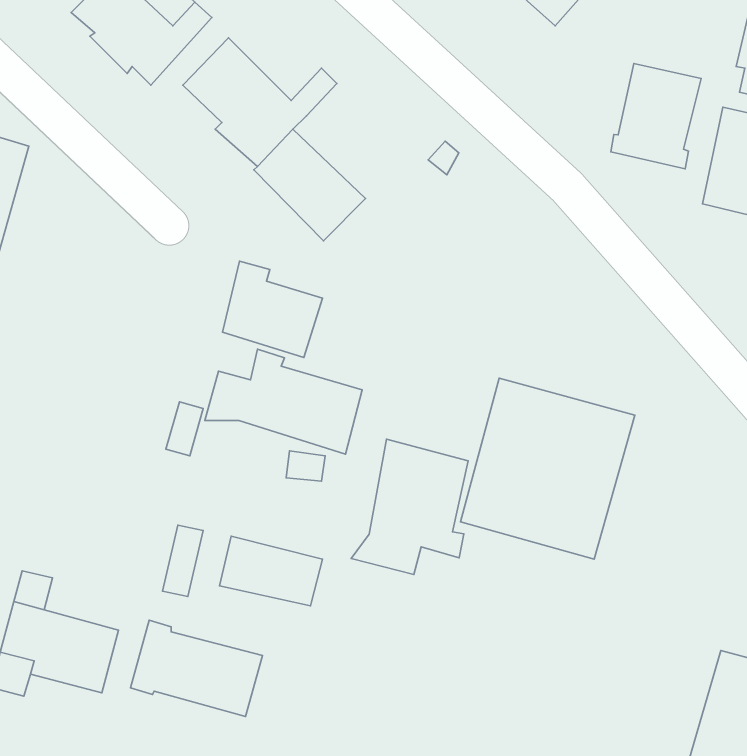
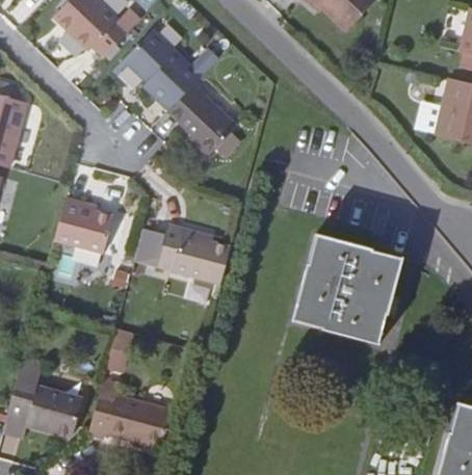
building: [611,64,701,169] -> none
building: [223,261,322,357] -> [55,193,116,253]
building: [351,439,468,575] -> none
building: [219,536,322,606] -> none

